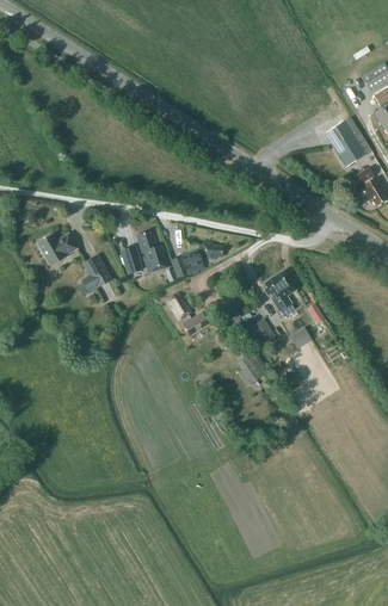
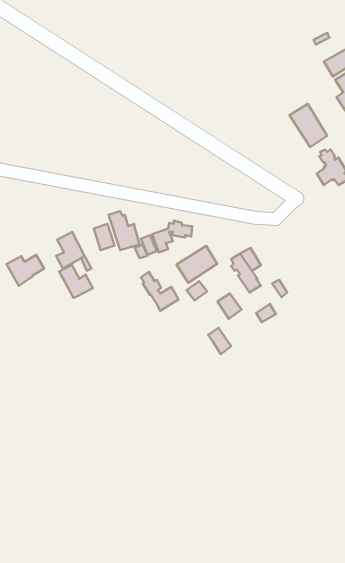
building: [38,234,78,266] -> [6,255,44,286]
building: none -> [176,246,217,283]
building: none -> [59,265,93,298]

